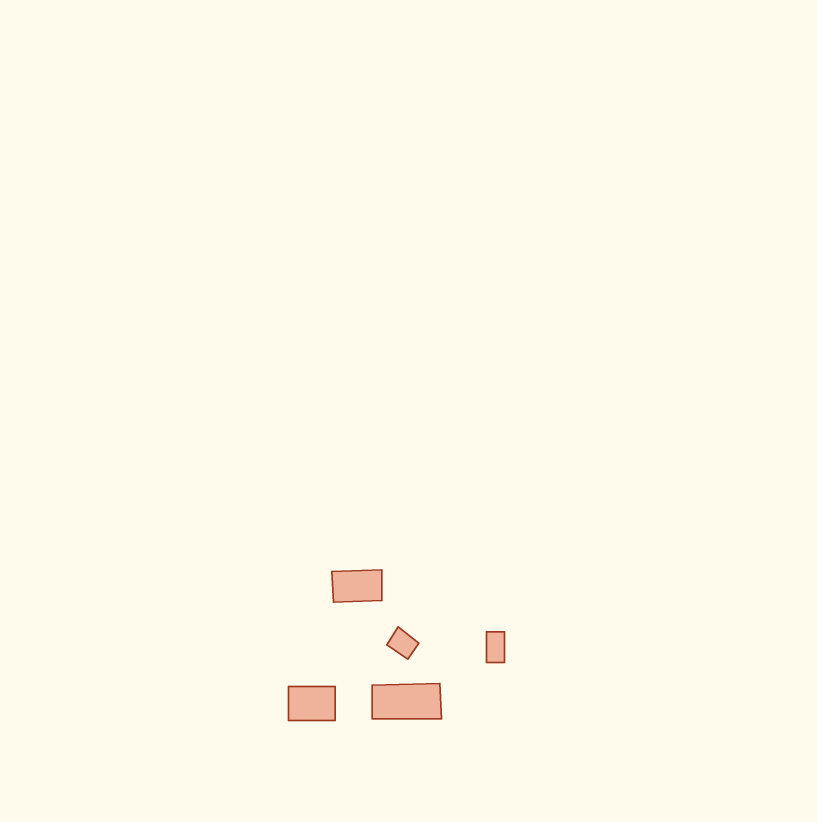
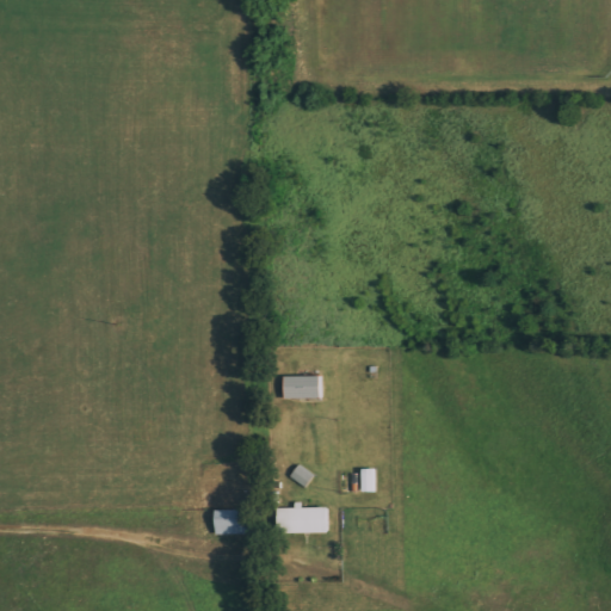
building: [332,570,382,602] -> [282,376,319,400]

